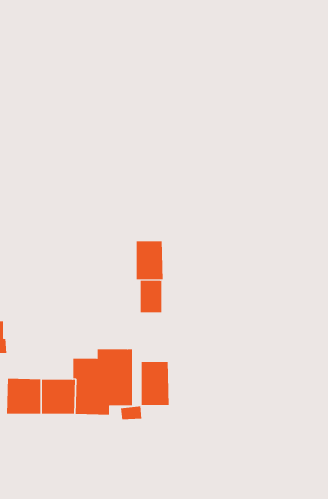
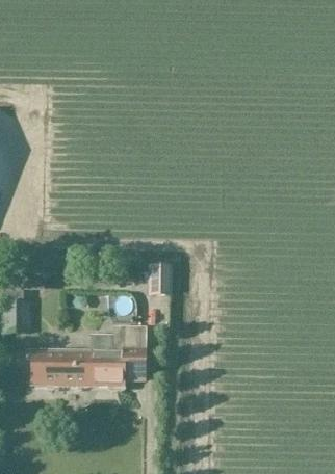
building: [136,240,163,280] -> none
building: [141,361,169,406] -> none

